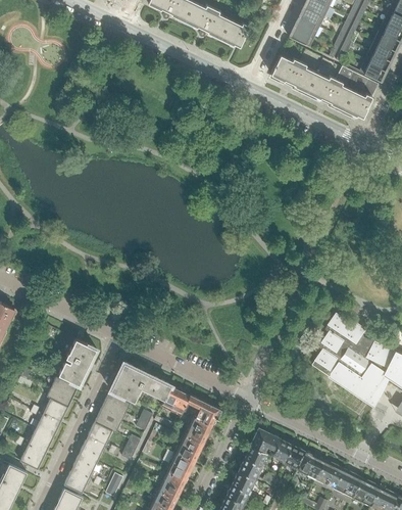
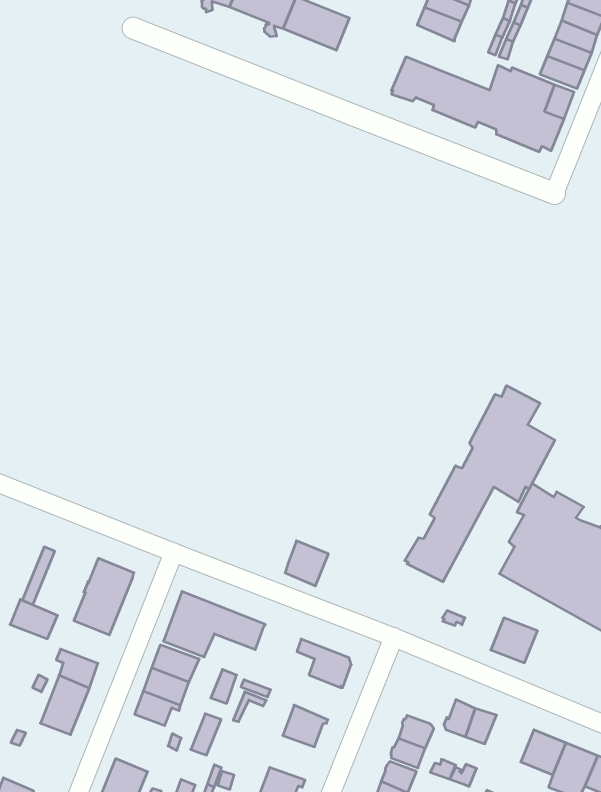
building: none -> [405,386,555,582]
building: [49,376,78,401] -> [10,599,58,639]
building: [162,386,189,414] -> [285,541,328,586]
building: [185,417,213,445] -> none
building: [251,429,281,452] -> none
building: [77,432,107,467] -> none
building: [20,433,51,469] -> none
building: [297,451,325,478] -> [491,618,537,663]
building: [167,452,196,478] -> none

